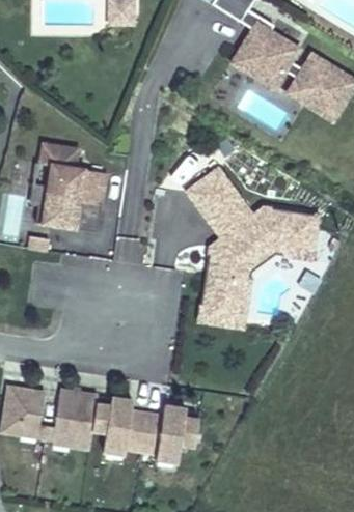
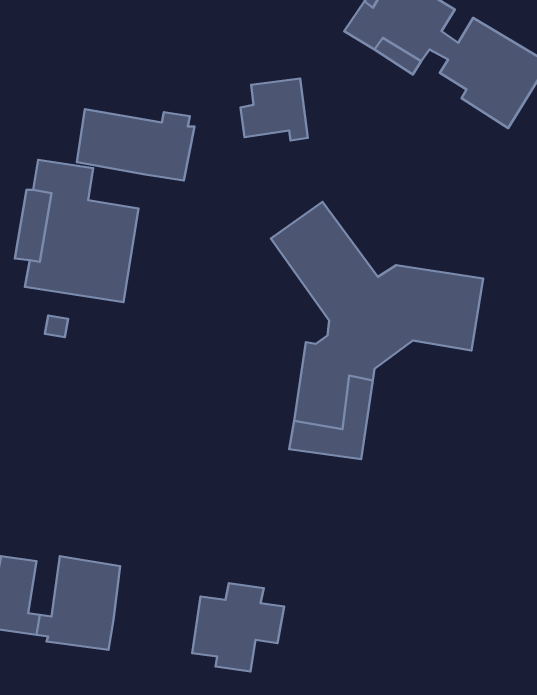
building: none -> [241,78,308,140]
building: none -> [77,109,195,180]
building: [90,395,144,450] -> none

